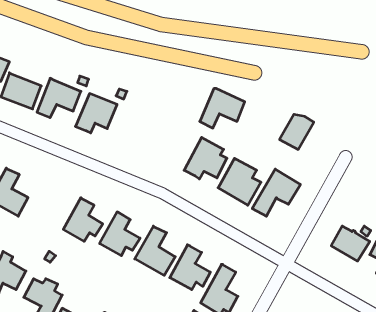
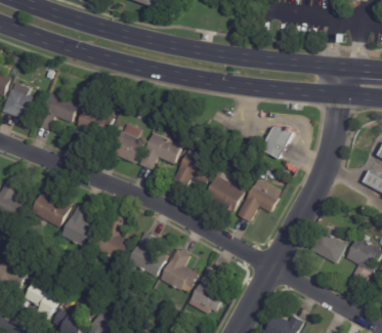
building: [200,89,245,128] -> [139,132,181,169]
building: none -> [108,123,143,162]
building: none -> [30,190,70,226]

